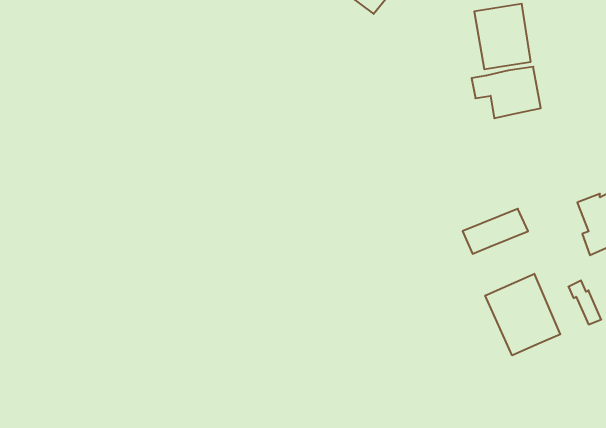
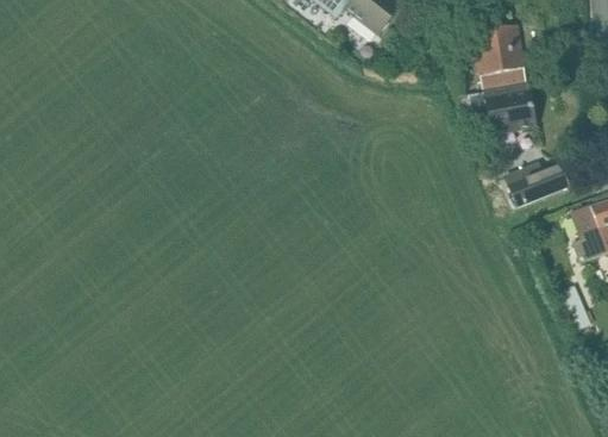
building: [463,209,528,254] -> [508,163,570,206]
building: [485,274,560,355] -> none

